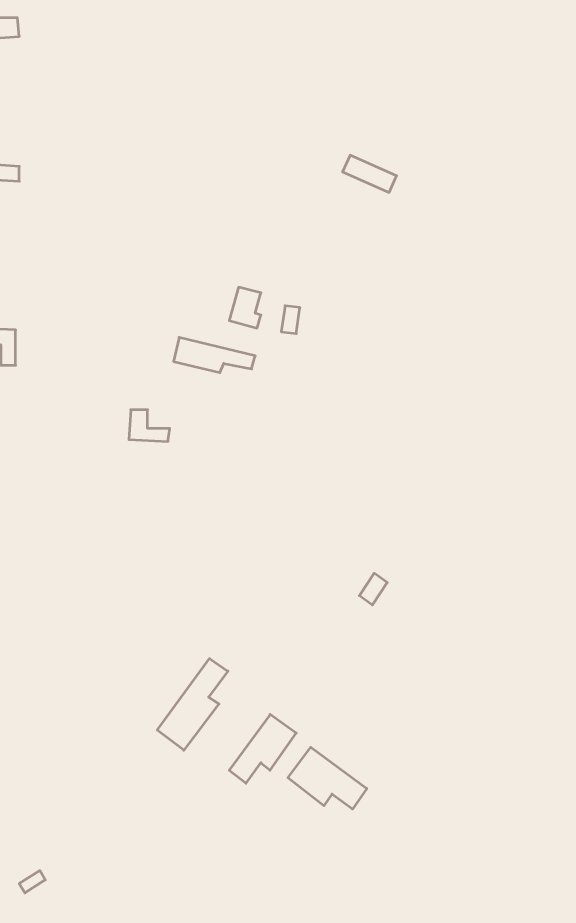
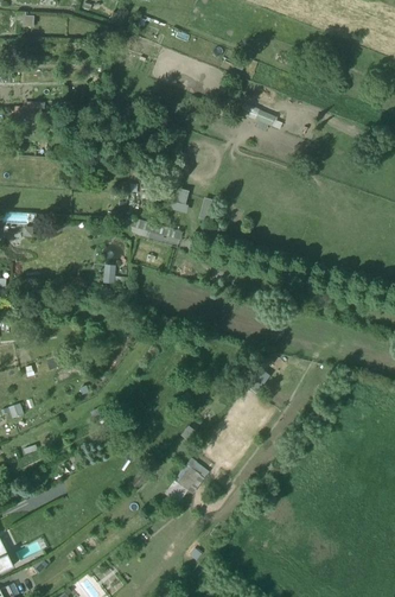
building: [157,659,228,750] -> none
building: [288,747,367,809] -> none

